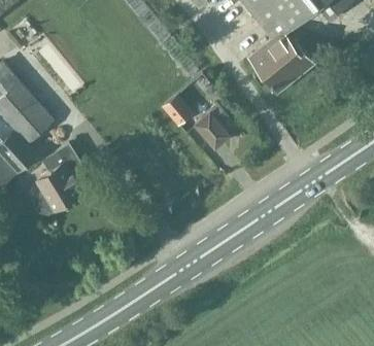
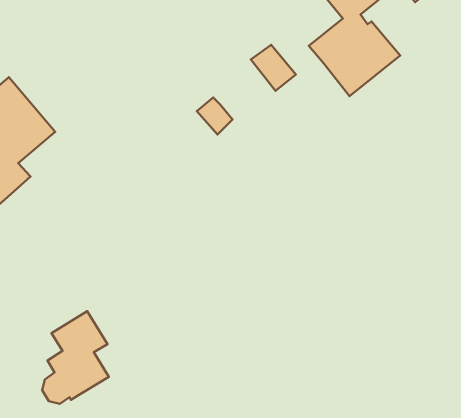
building: [198,113,232,148] -> [251,45,296,91]
building: [35,143,86,213] -> [42,311,109,404]

